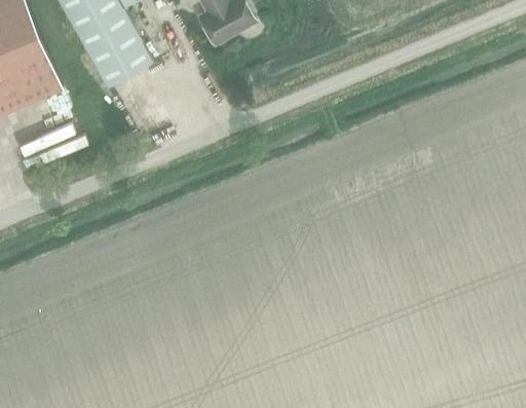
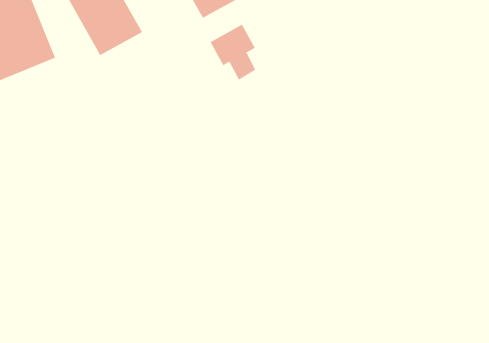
building: none -> [210,24,256,80]

